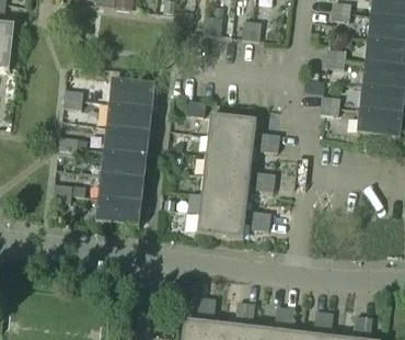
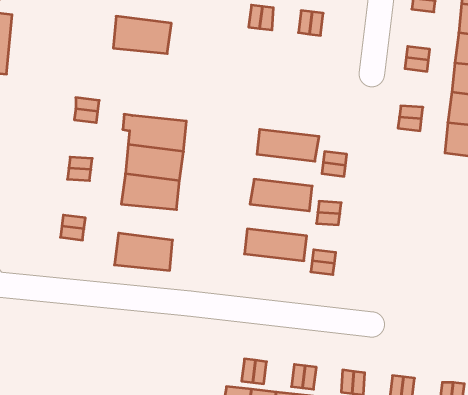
building: [109,76,155,105] -> [113,16,171,54]
building: [206,132,254,157] -> none
building: [99,171,144,200] -> none
building: [200,171,250,196] -> none
building: [196,211,245,236] -> none

